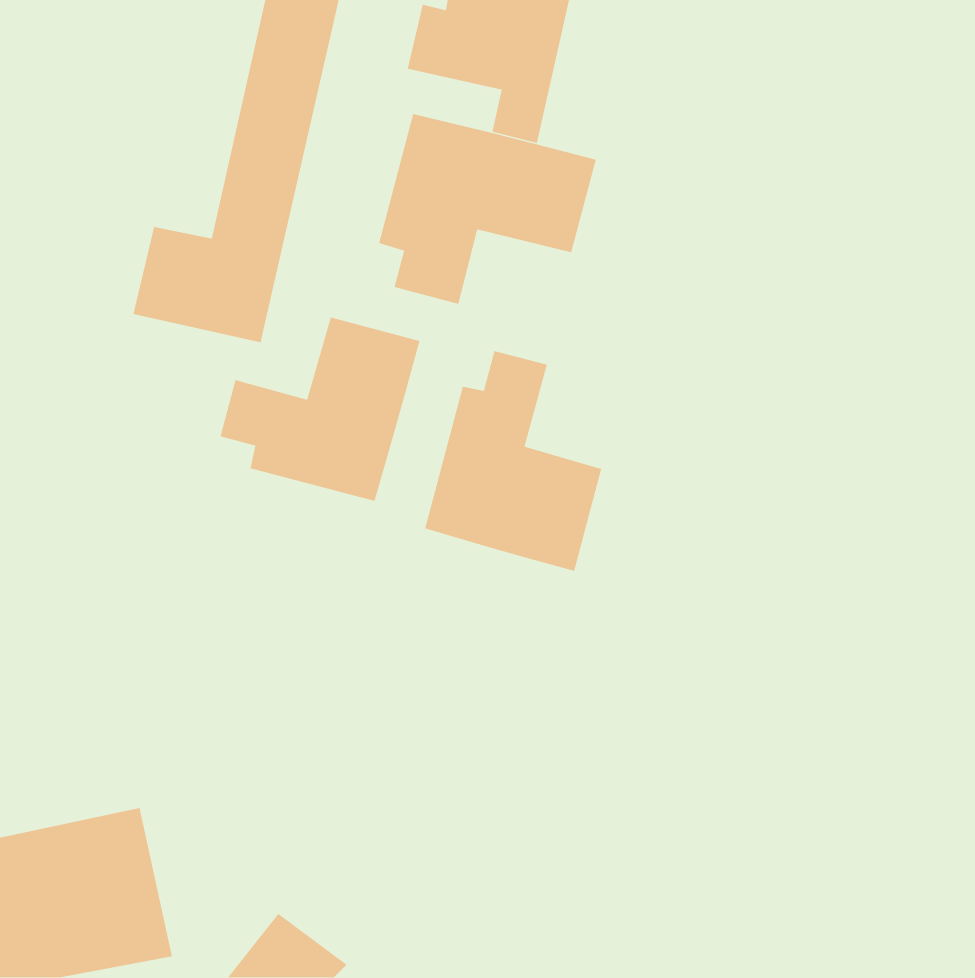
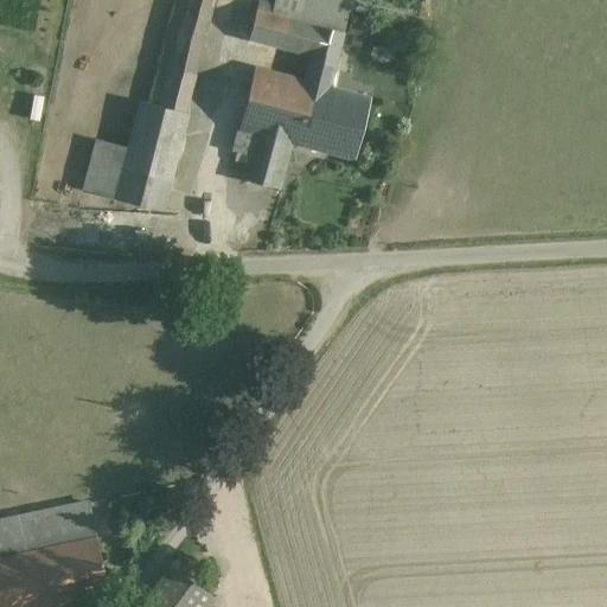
building: [220,317,421,502] -> none
building: [424,350,602,572] -> none

